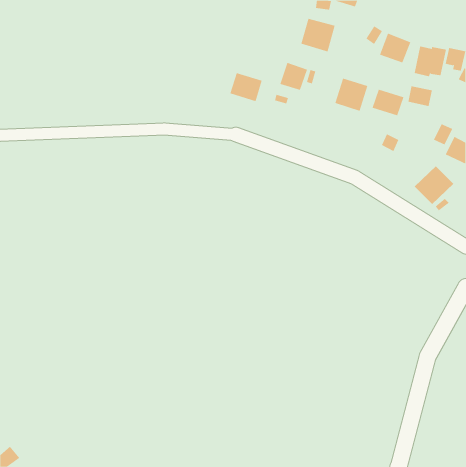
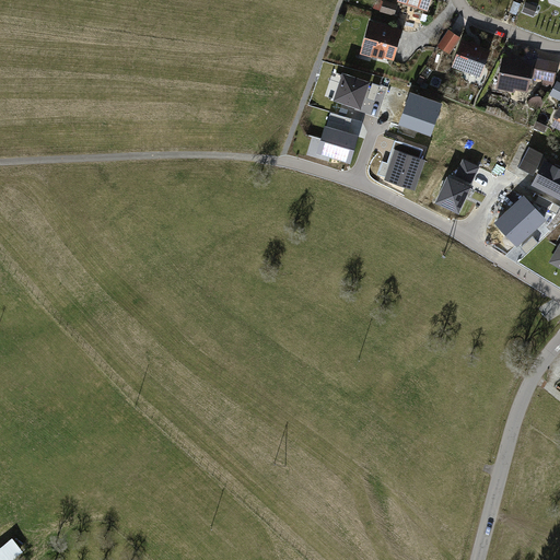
building: [230,72,263,102] -> [317,128,357,163]
building: [408,86,433,107] -> none
building: [372,89,404,116] -> none
building: none -> [385,151,423,189]
building: none -> [438,178,468,210]

